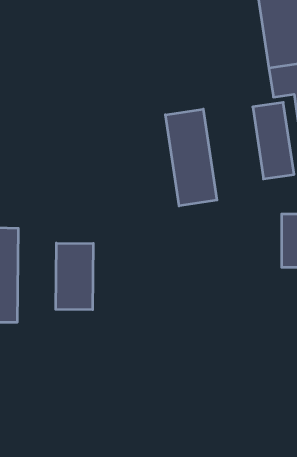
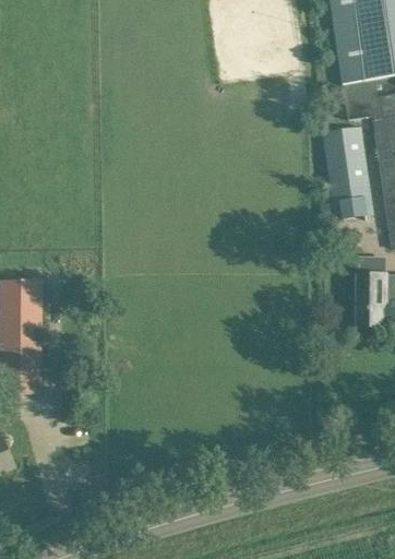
building: [165,109,217,206] -> none
building: [56,243,93,310] -> none

